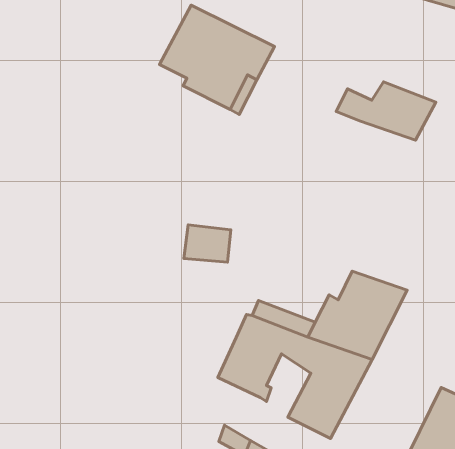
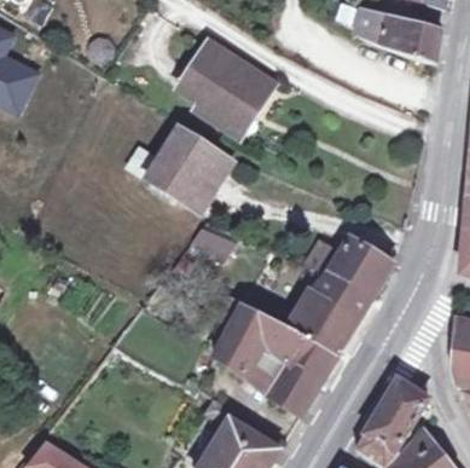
building: [336,82,436,140] -> [308,243,391,294]
building: none -> [149,122,225,202]
building: none -> [240,339,286,392]

